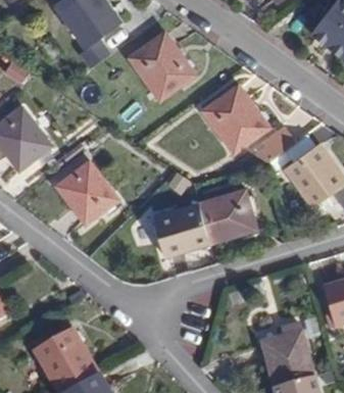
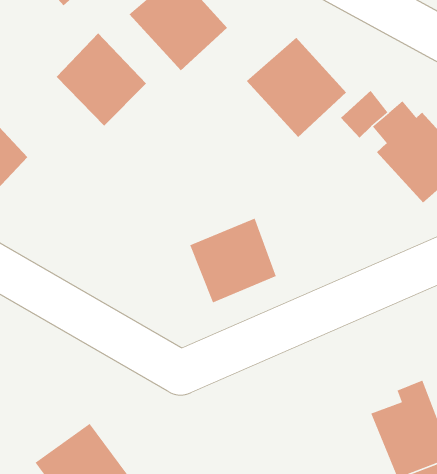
building: [56,160,116,224] -> [56,32,147,127]
building: [198,189,256,243] -> none

